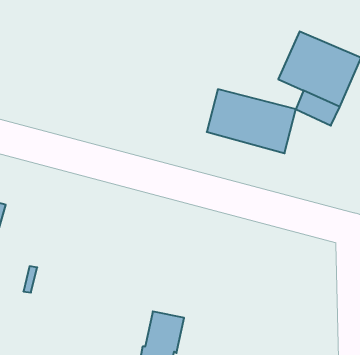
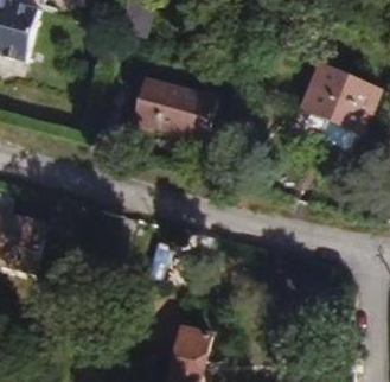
building: [207,89,296,153] -> [133,81,217,141]

